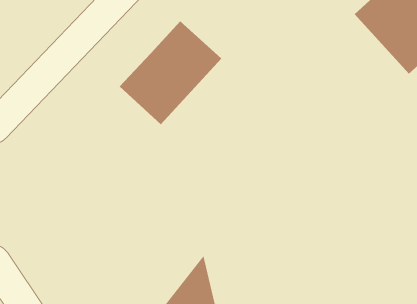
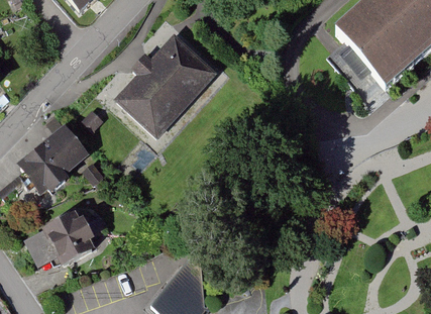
building: none -> [19,130,86,194]
building: none -> [25,212,97,268]

